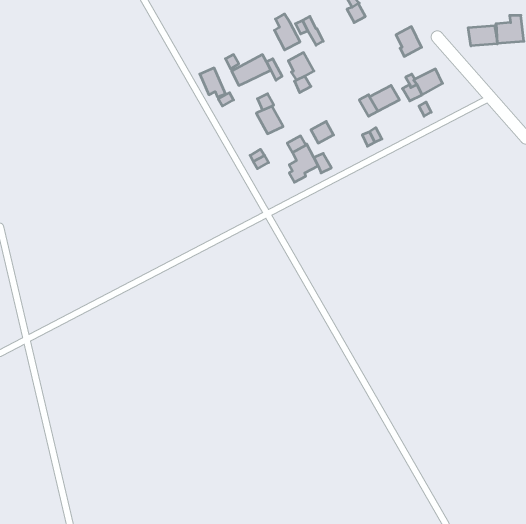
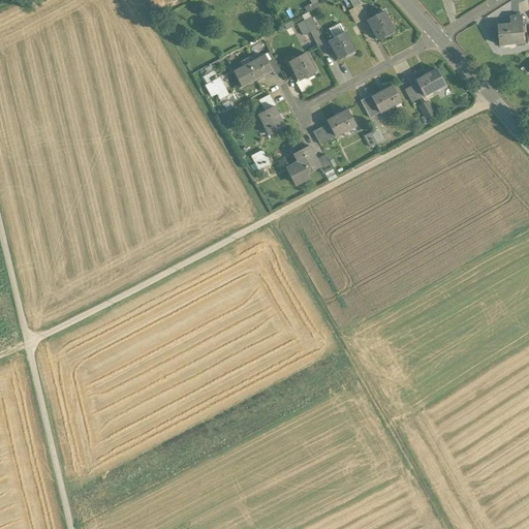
building: [274,14,300,50] -> [329,23,354,59]
building: [468,26,497,46] -> none
building: [396,27,422,56] -> [367,10,393,40]
building: none -> [326,110,355,135]

